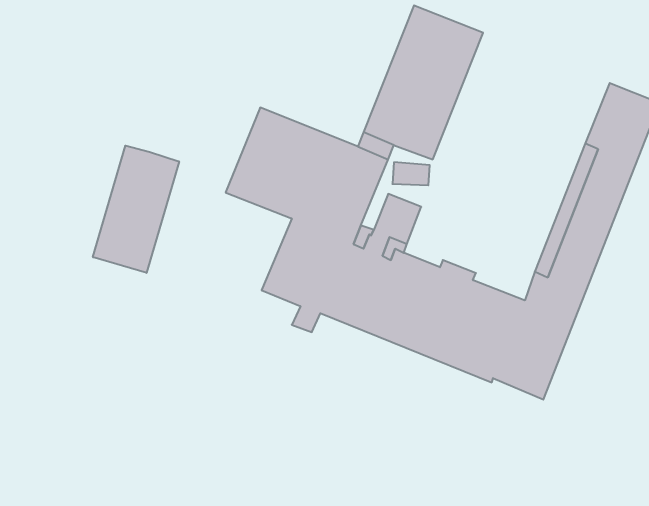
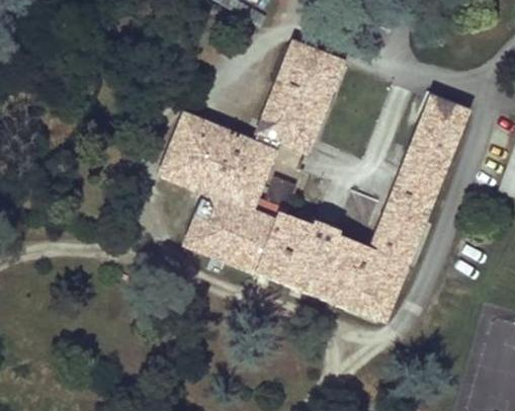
building: [93,146,179,273] -> none

